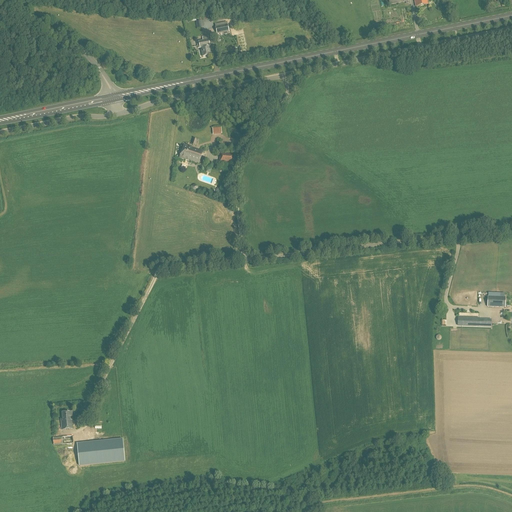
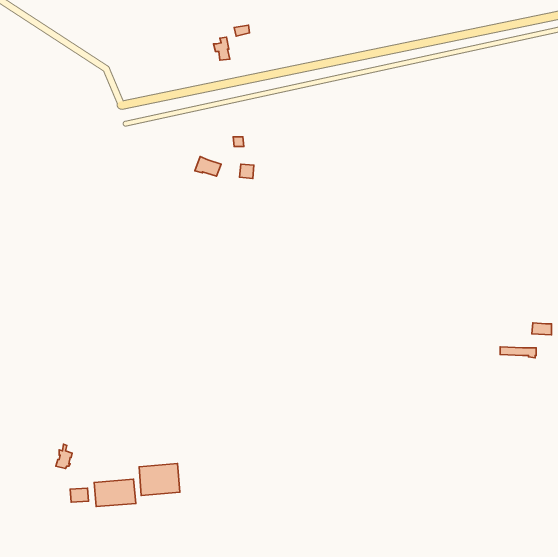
building: none -> [139,464,180,496]

